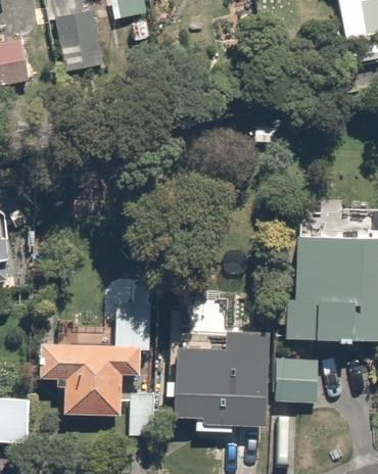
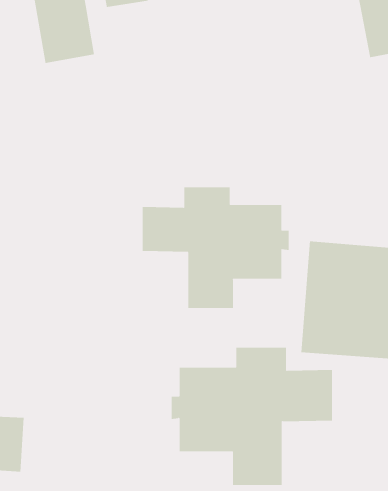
building: none -> [142,186,289,309]
building: [34,297,156,418] -> none

